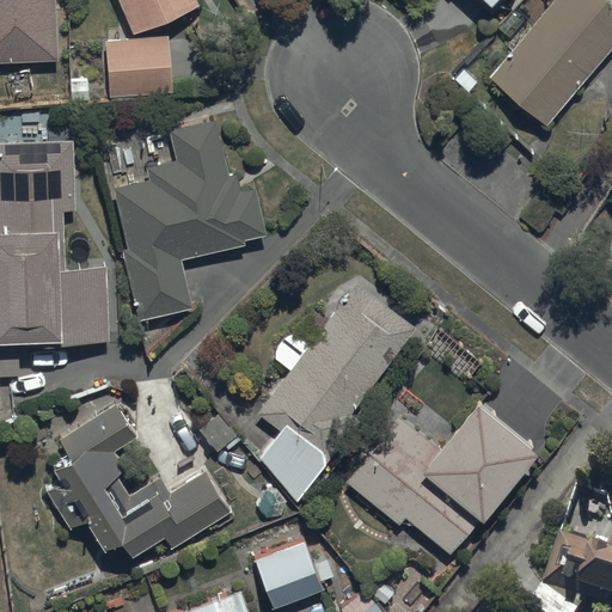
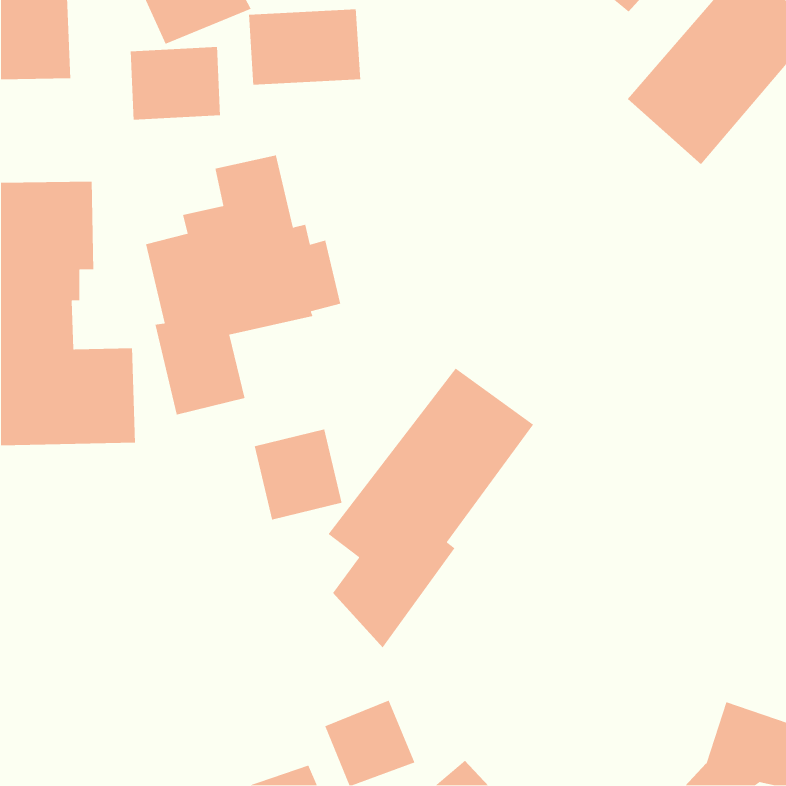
building: none -> [248,8,361,85]
building: none -> [254,429,342,521]
building: [44,404,230,568] -> none
building: [344,409,533,555] -> none

